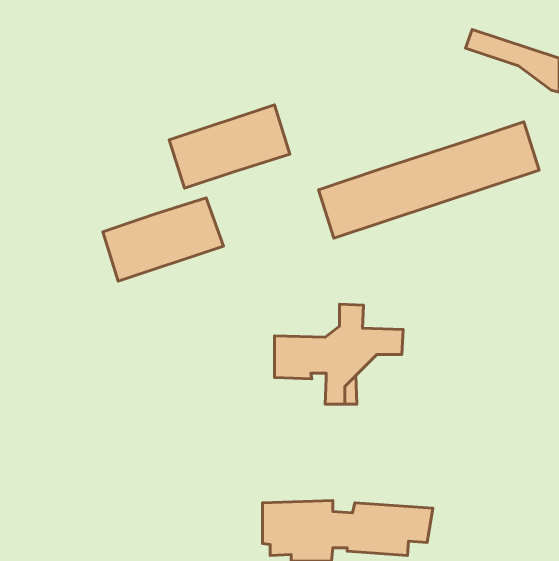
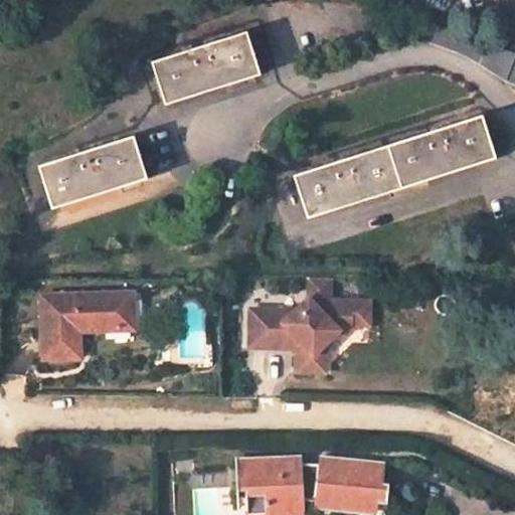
building: [169,105,290,188] -> [149,28,260,105]
building: [103,198,224,281] -> [36,134,147,210]
building: none -> [44,295,137,363]

